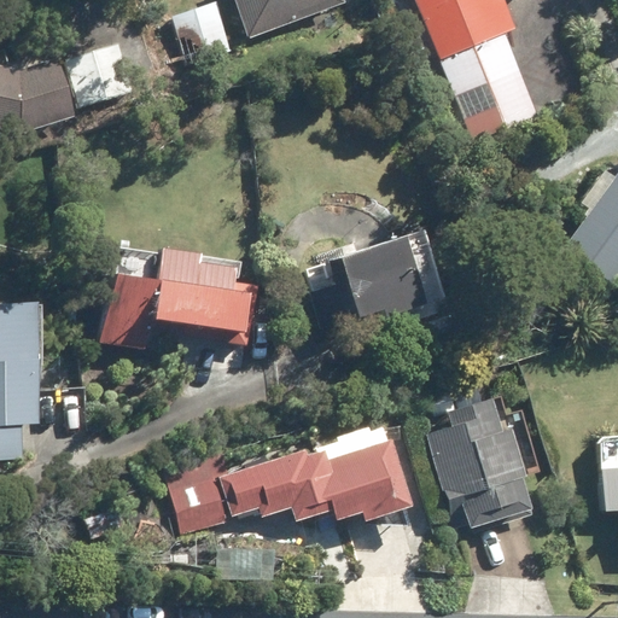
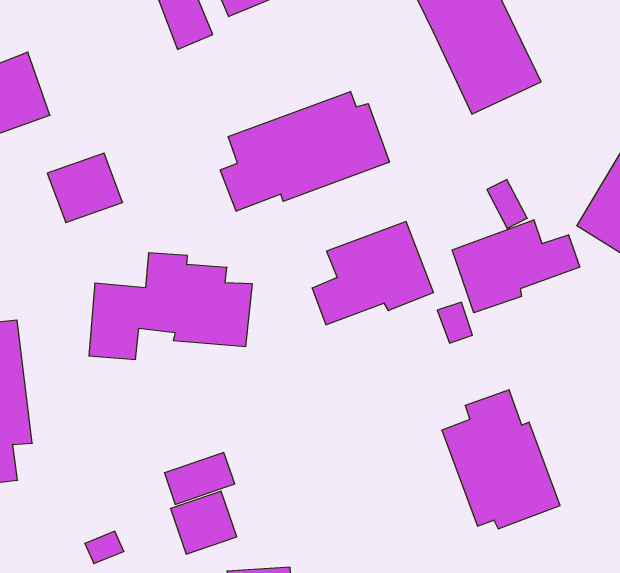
building: [66,42,135,105] -> [47,153,123,223]
building: none -> [220,91,389,211]
building: none -> [452,220,580,313]
building: [221,439,412,519] -> none

